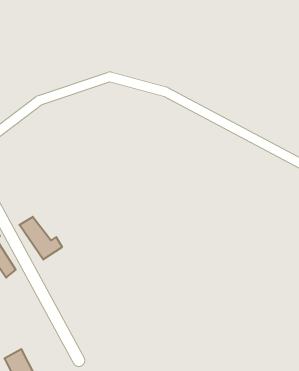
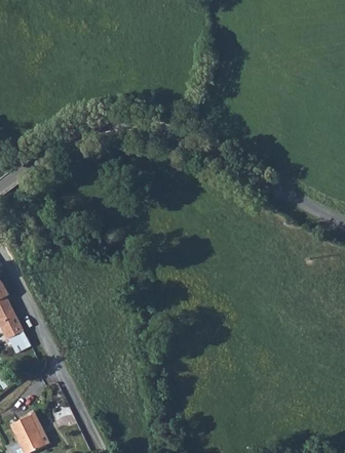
building: [19,217,62,260] -> none

